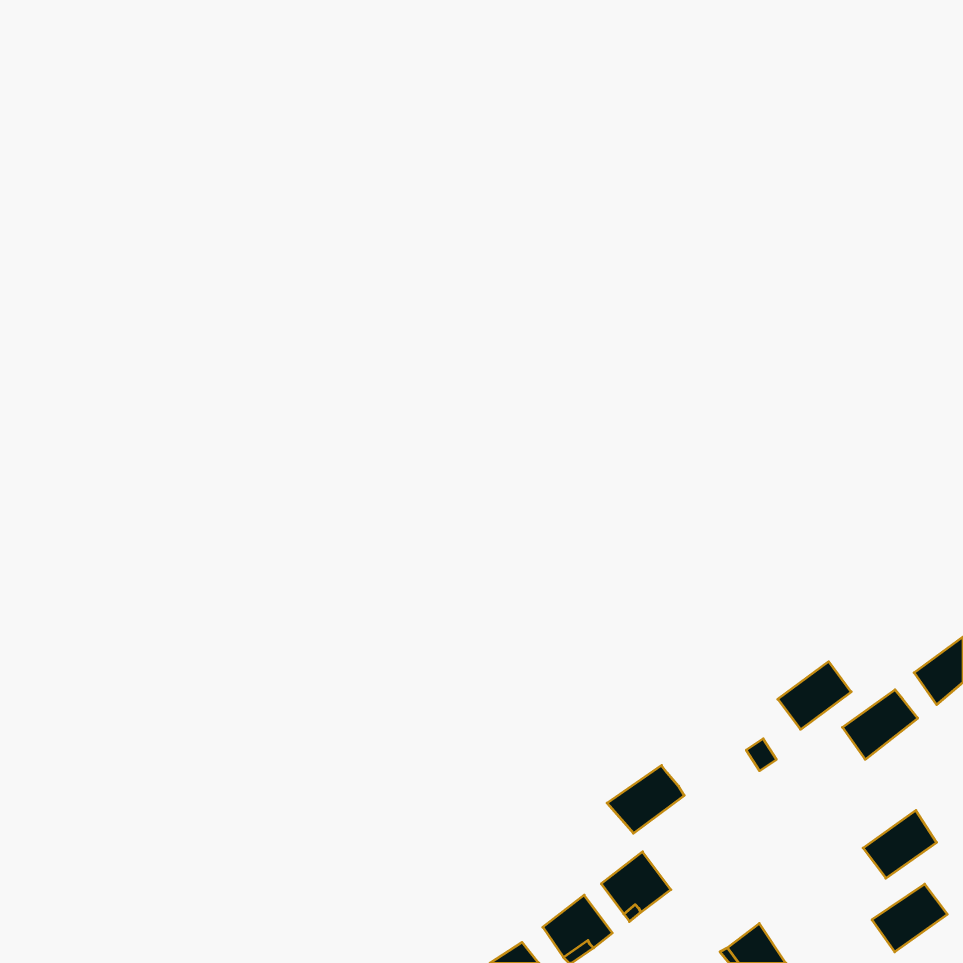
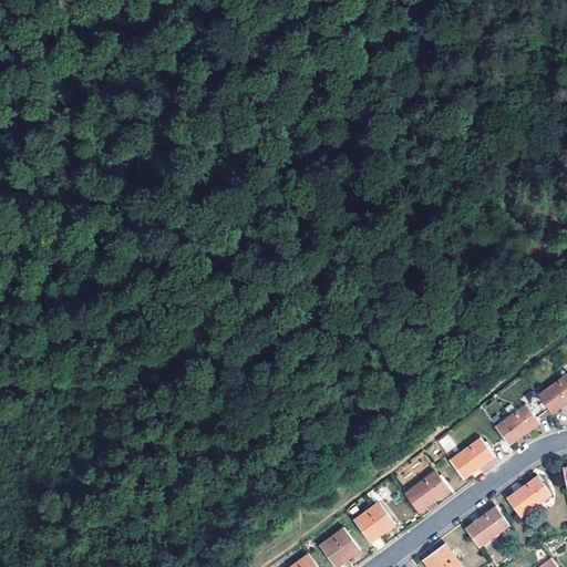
building: [778,662,851,729] -> [451,439,494,478]
building: [607,765,684,833] -> [404,472,450,512]
building: [872,884,947,952] -> [465,507,509,547]

